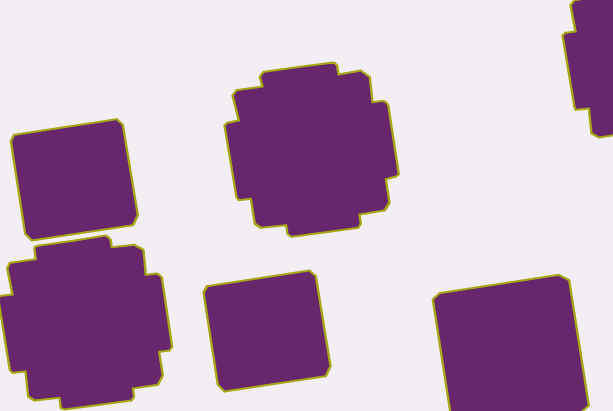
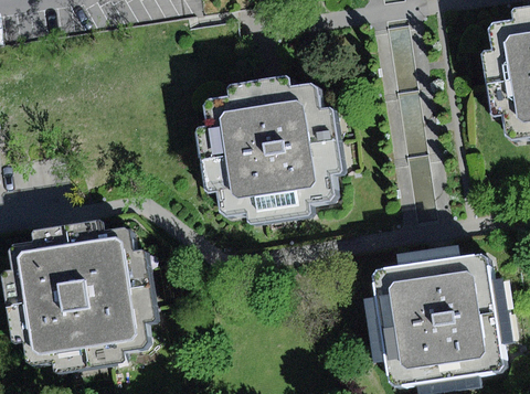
building: [11,119,138,240] -> none
building: [204,271,331,391] -> none

